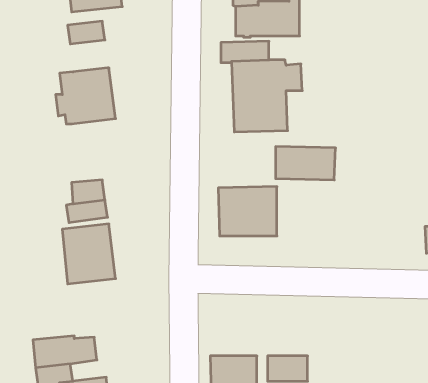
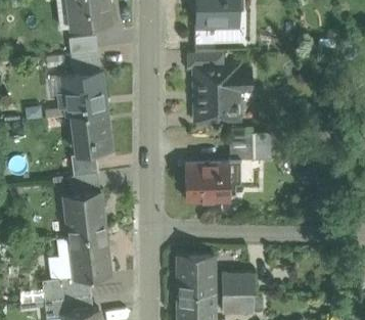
building: none -> [72,51,100,76]
building: none -> [73,111,110,156]
building: none -> [70,234,110,280]
building: none -> [179,255,215,293]
building: none -> [223,274,256,293]

